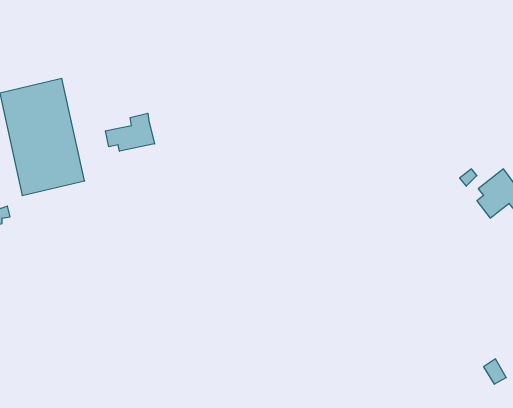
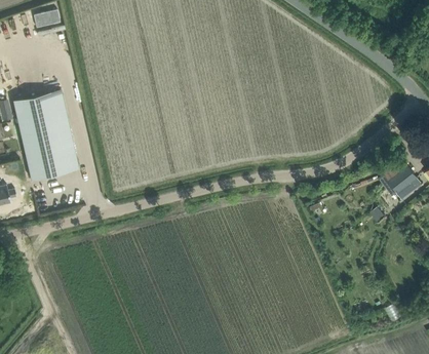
building: [106,113,155,151] -> none

